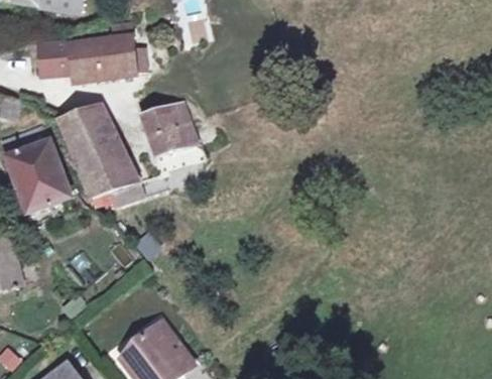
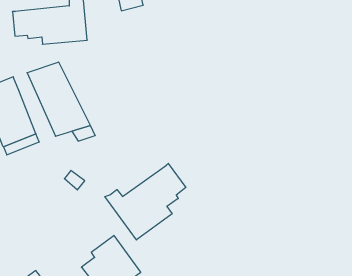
building: [138,106,193,161] -> none
building: none -> [105,163,186,240]

